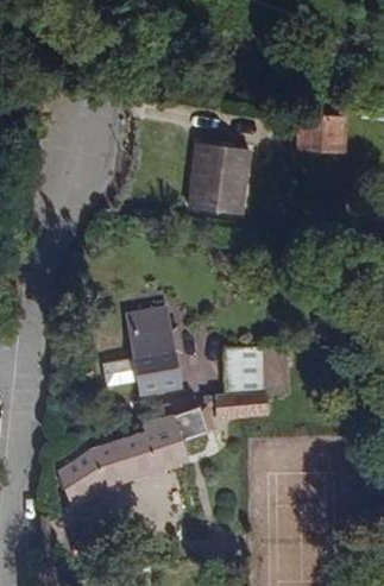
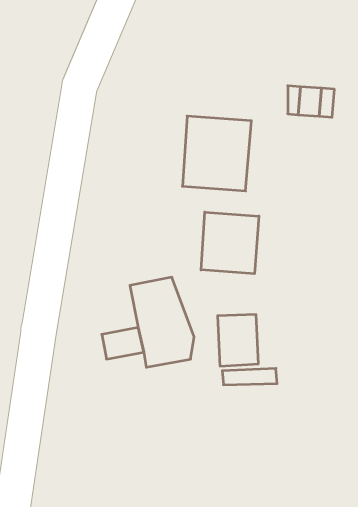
building: none -> [201,212,259,274]
building: [63,401,221,509] -> none

